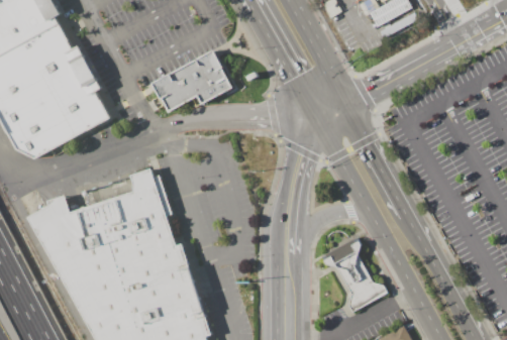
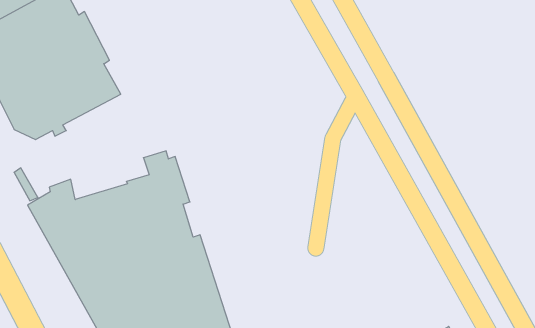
building: [153,50,231,114] -> none
building: [321,237,387,313] -> none

